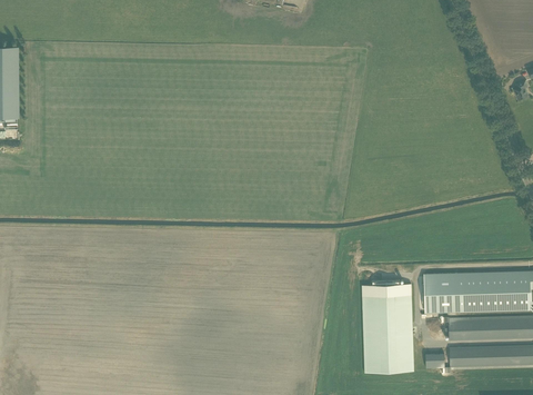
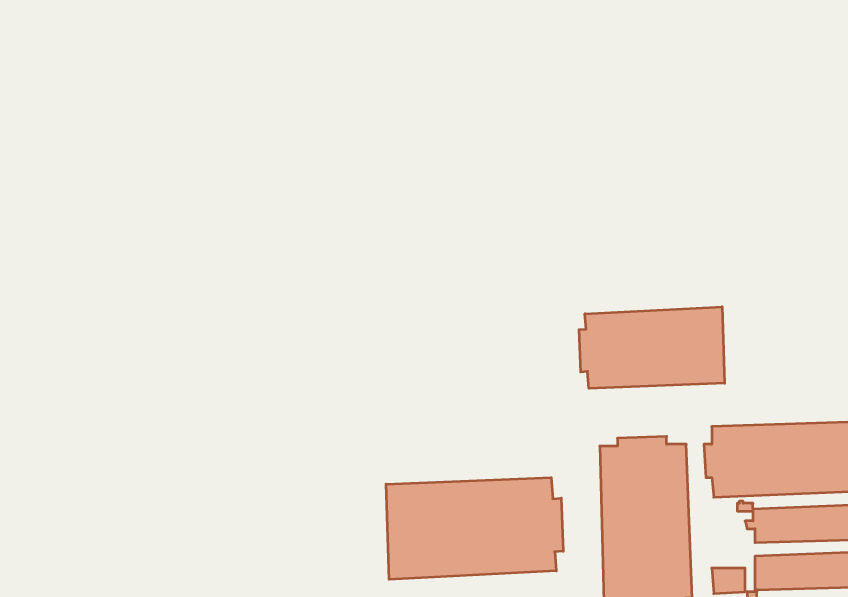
building: none -> [579,307,725,388]
building: none -> [386,478,563,579]

